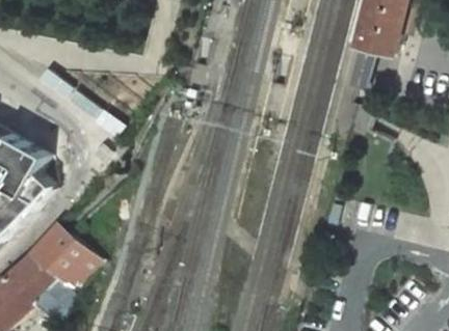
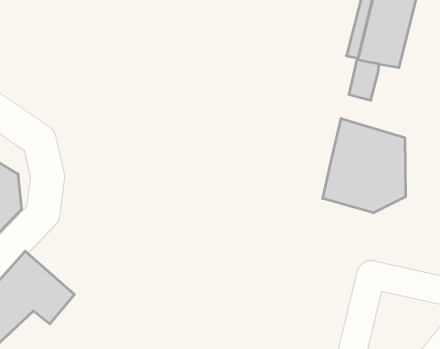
building: none -> [323,118,406,213]

